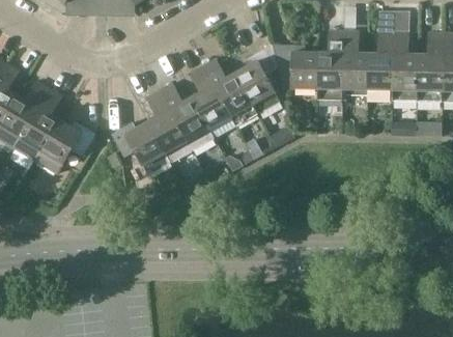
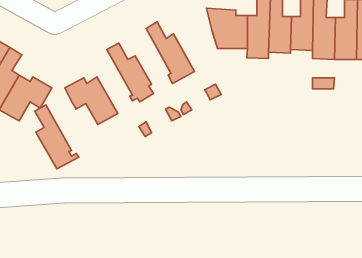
building: [234,44,281,115] -> none
building: [190,66,231,130] -> none
building: [146,90,196,163] -> [35,105,79,169]

